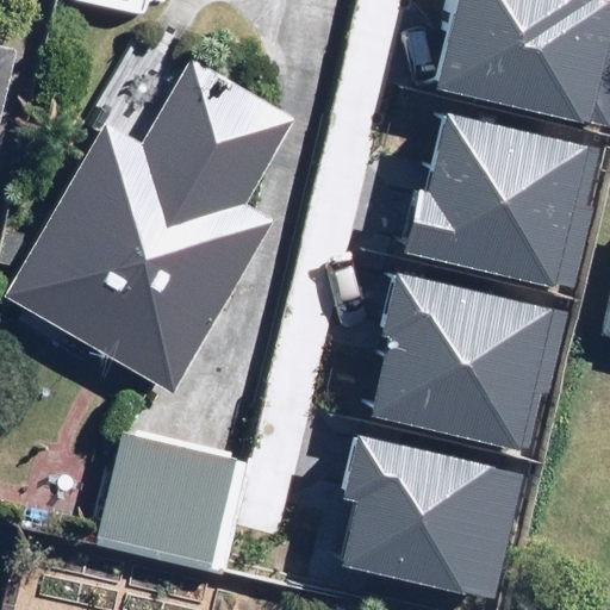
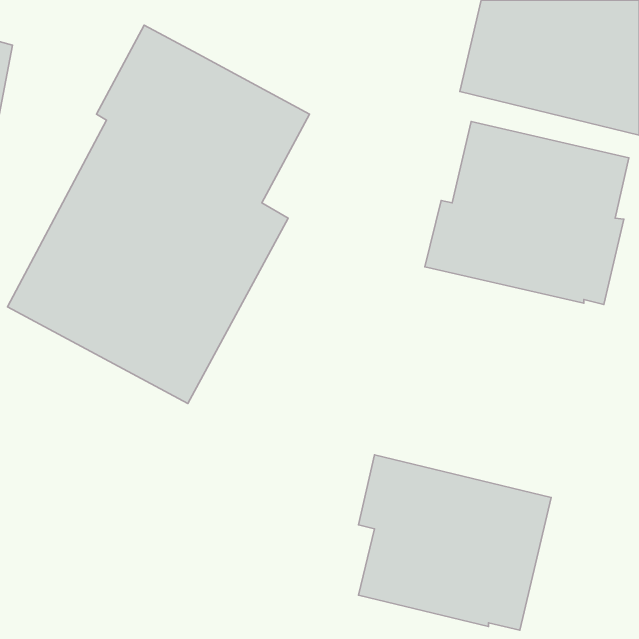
building: [373,274,567,450] -> none
building: [94,428,250,568] -> none

